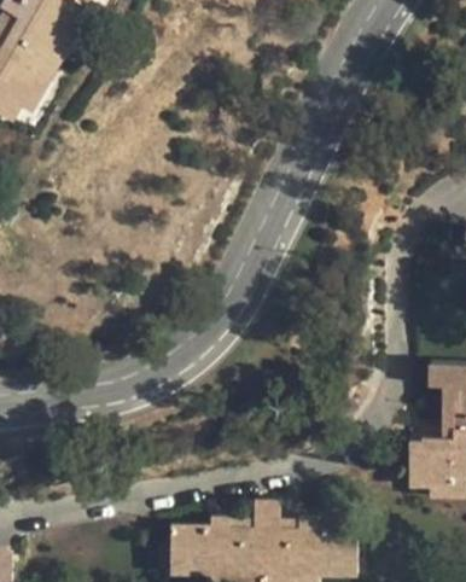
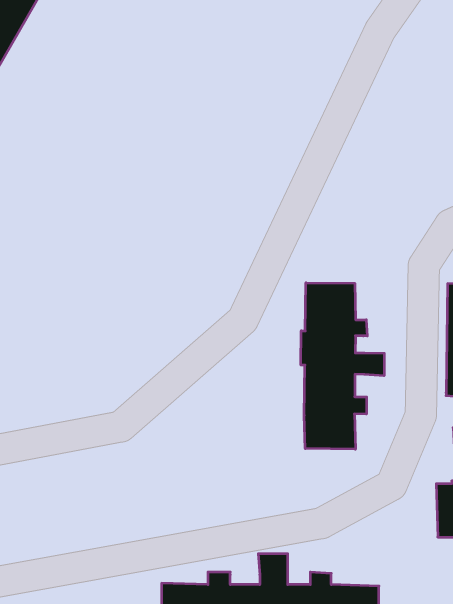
building: none -> [301,283,384,449]

